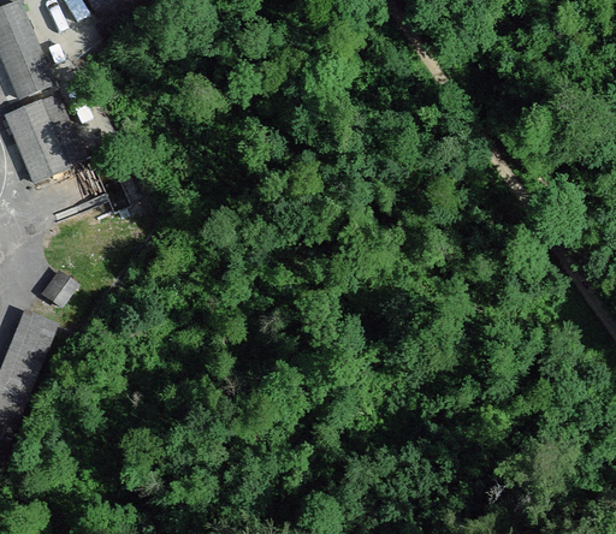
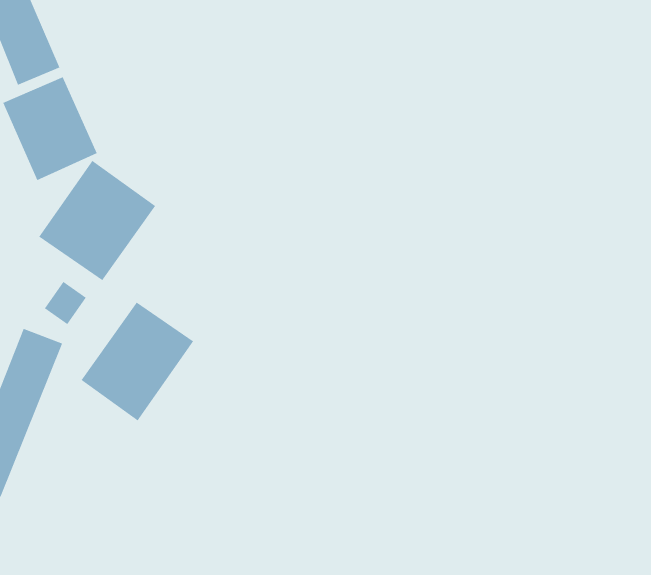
building: none -> [38,160,156,281]
building: none -> [80,301,194,422]

